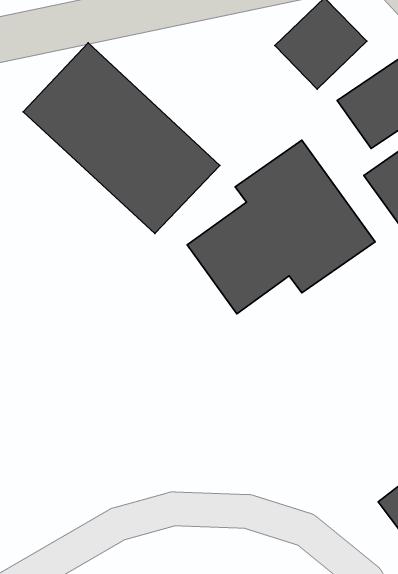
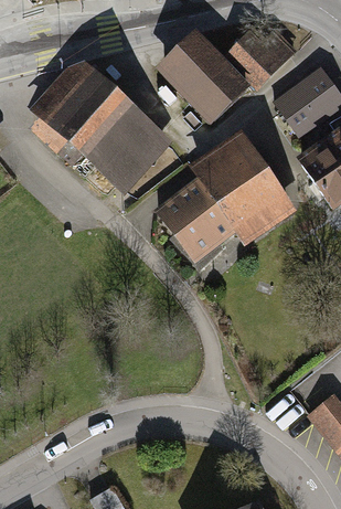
building: none -> [158,29,263,135]

